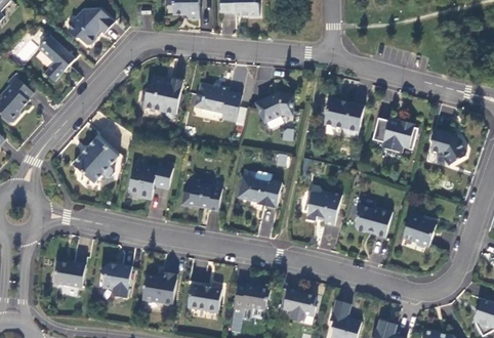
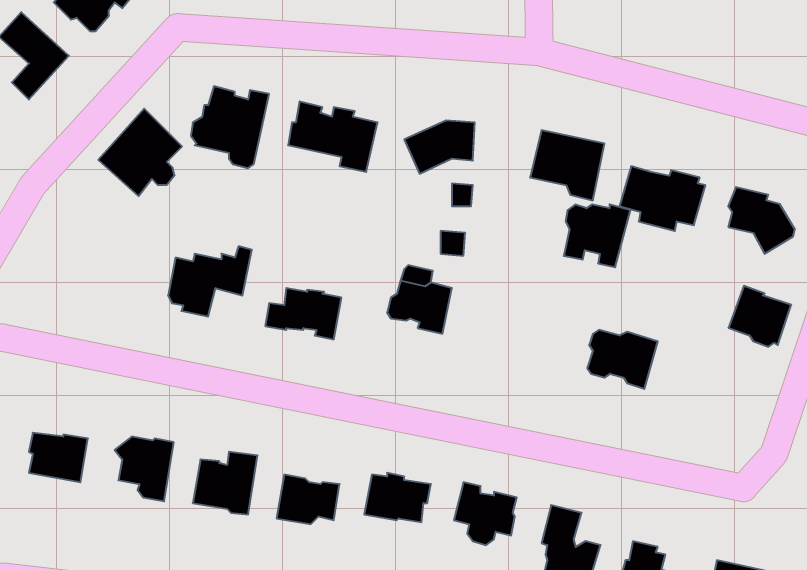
building: [74,137,119,184] -> [98,109,182,196]
building: [305,192,341,225] -> [564,204,630,267]
building: [402,214,436,247] -> [728,286,791,347]

